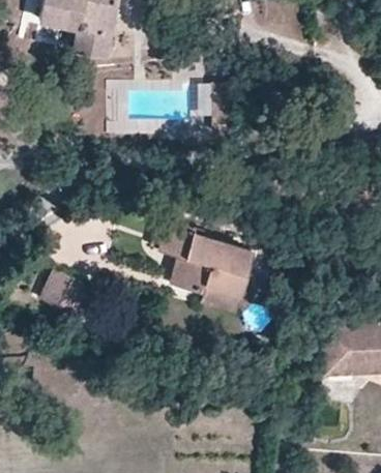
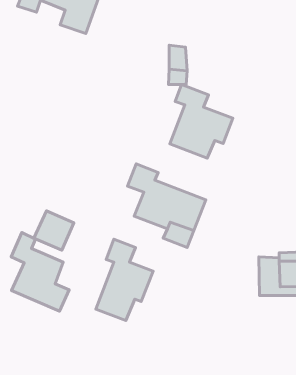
building: none -> [170,85,233,158]
building: none -> [11,232,69,311]
building: none -> [96,239,153,321]

